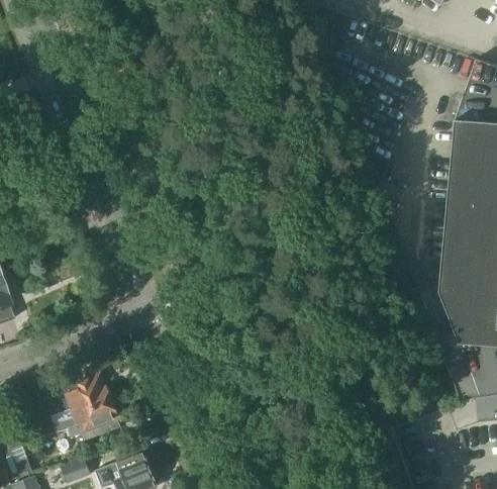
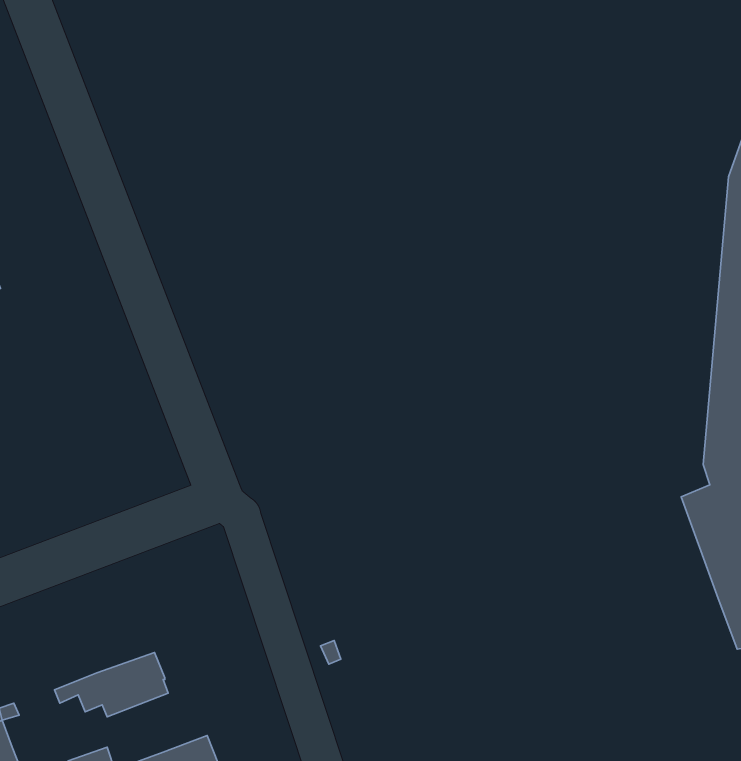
building: [51,374,113,425] -> none

